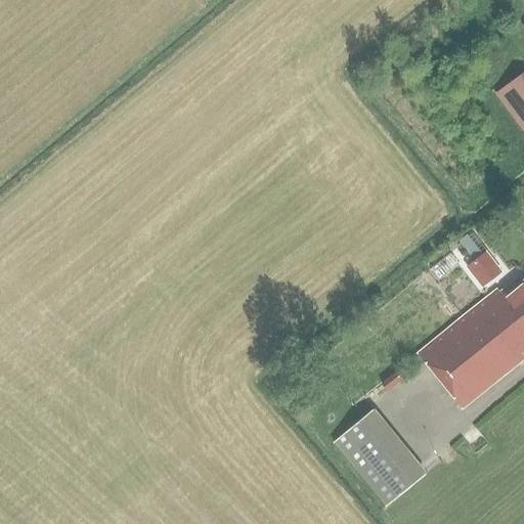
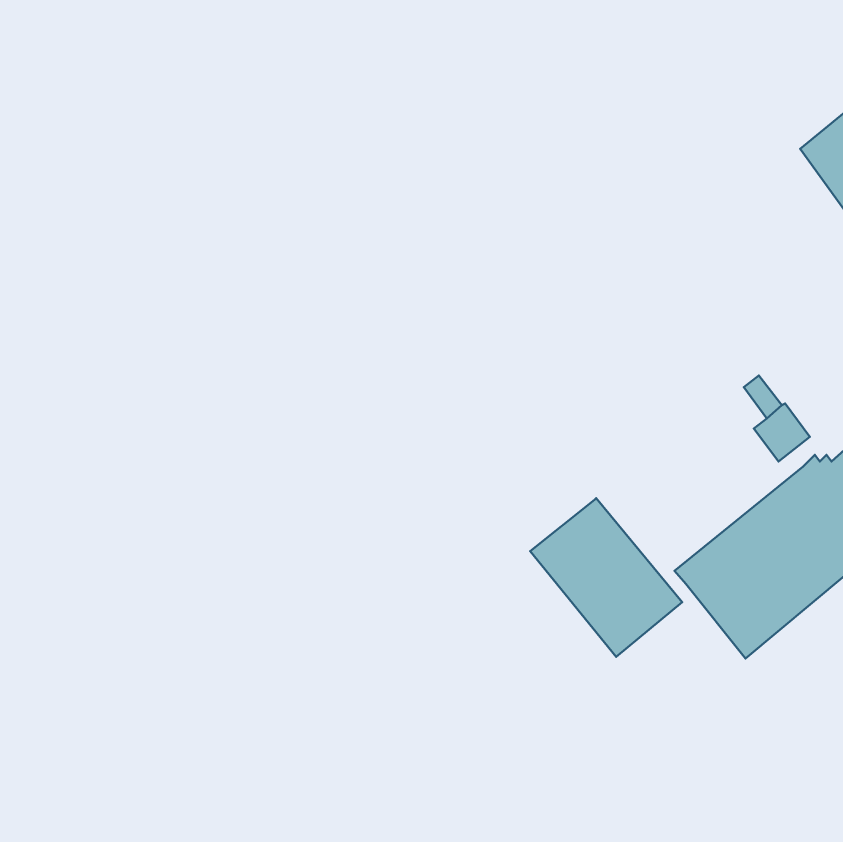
building: [334,408,428,507] -> [530,498,682,657]

